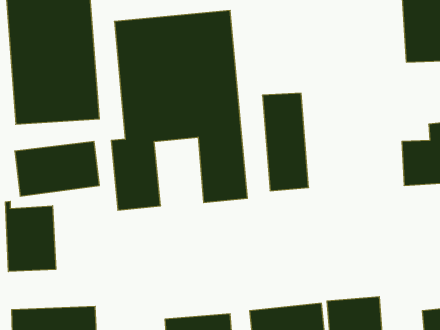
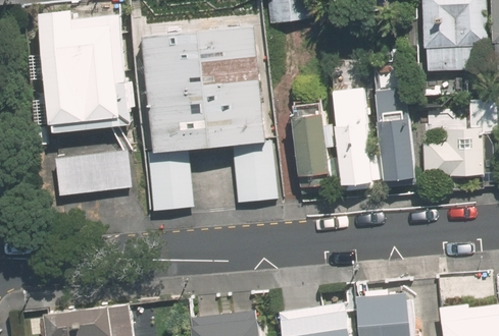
building: none -> [377,88,418,183]
building: none -> [327,90,373,188]
building: [5,201,56,272] -> none

